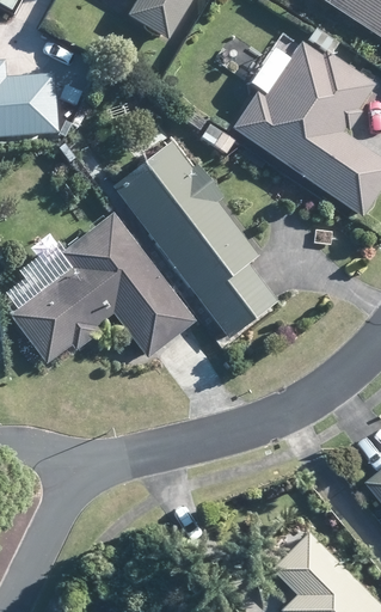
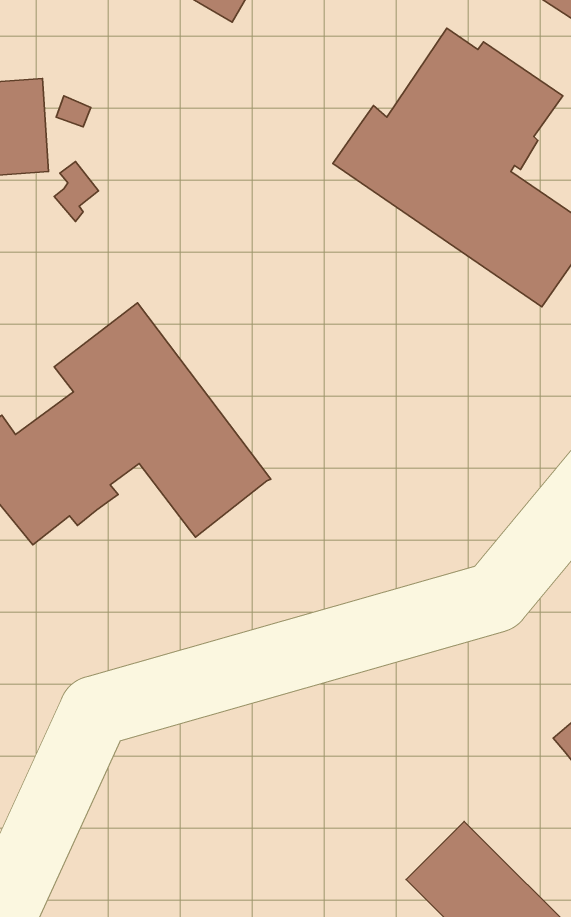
building: [111,141,275,337] -> none

